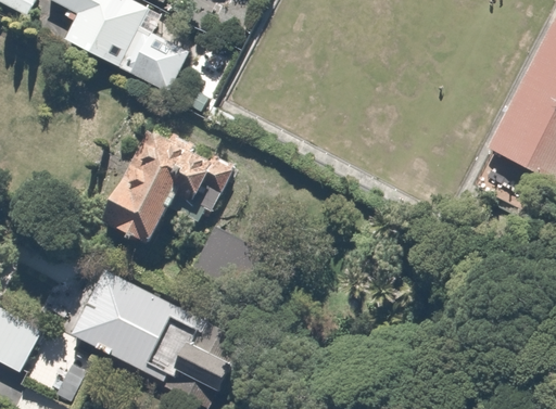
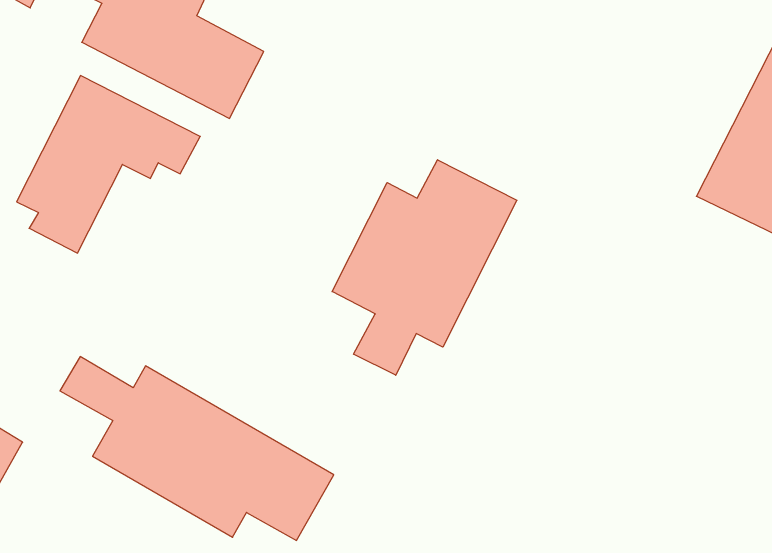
building: [109,123,237,246] -> [17,76,200,253]
building: none -> [332,160,517,375]

